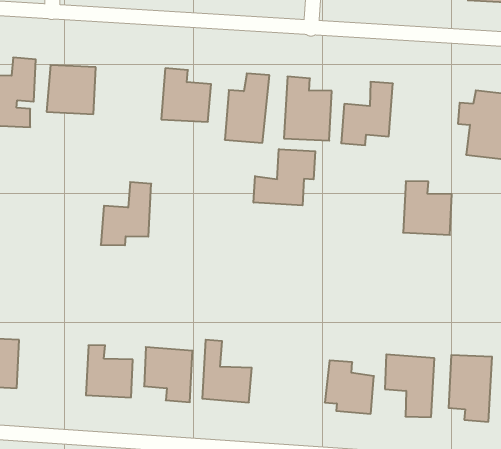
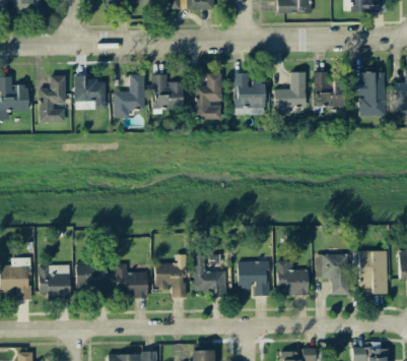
building: [254,149,315,205] -> none
building: [403,181,452,235] -> [313,71,345,107]
building: [101,182,151,245] -> [114,74,145,118]
building: none -> [76,263,108,292]
building: none -> [238,260,270,296]

